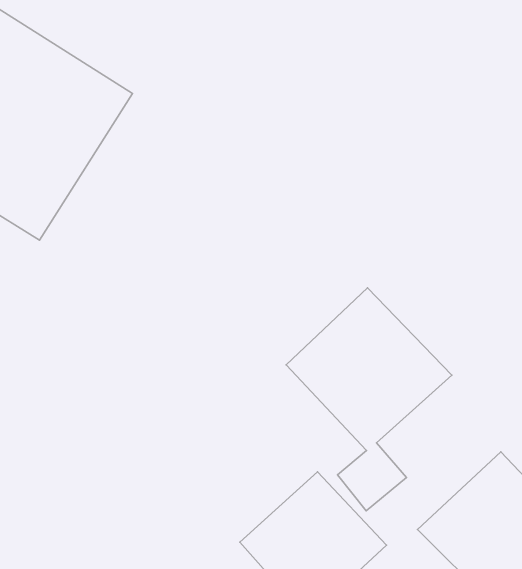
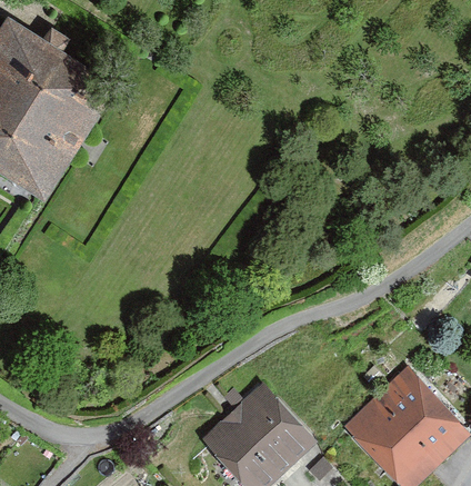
building: [286,288,452,511] -> none

